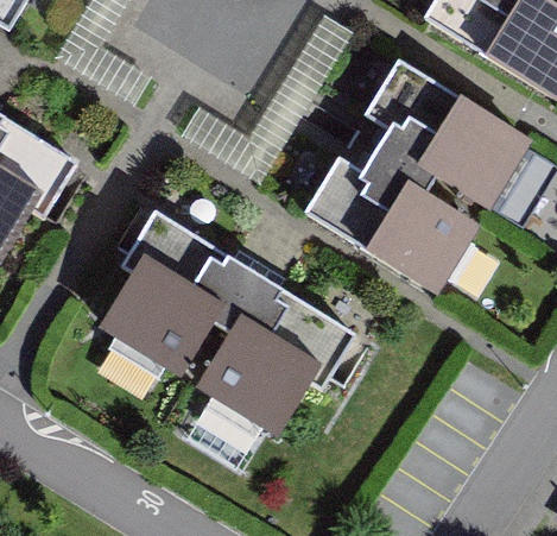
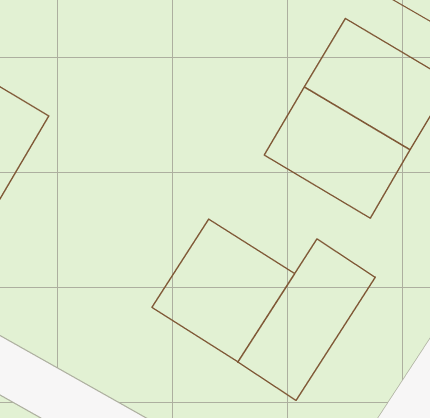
building: [91,222,253,384] -> none
building: none -> [238,239,375,400]

